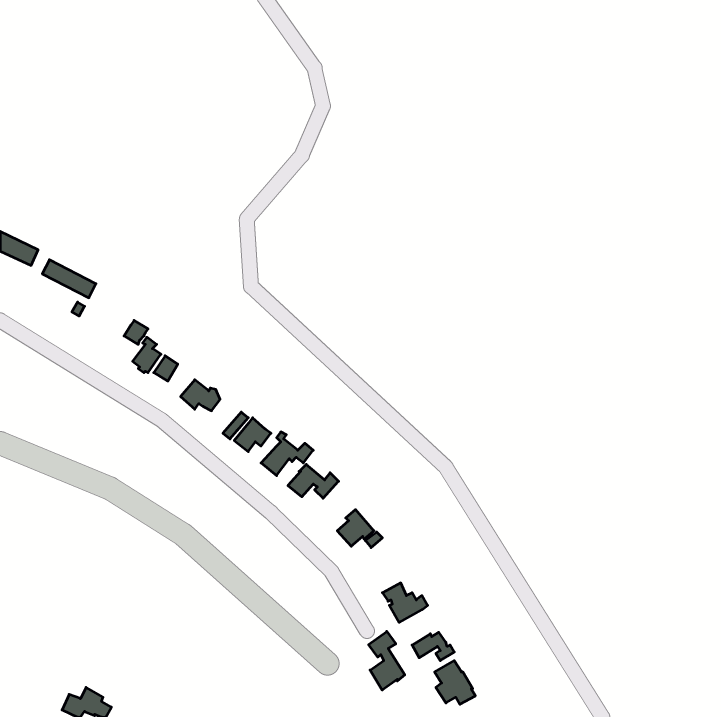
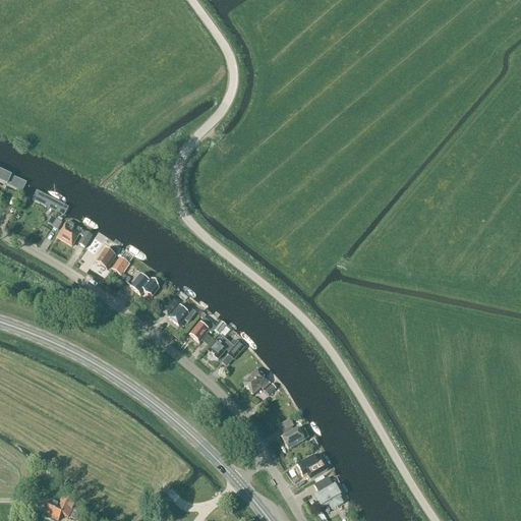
building: none -> [58,220,93,246]
building: [369,631,405,690] -> none

